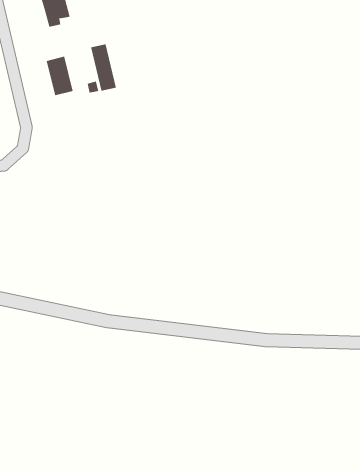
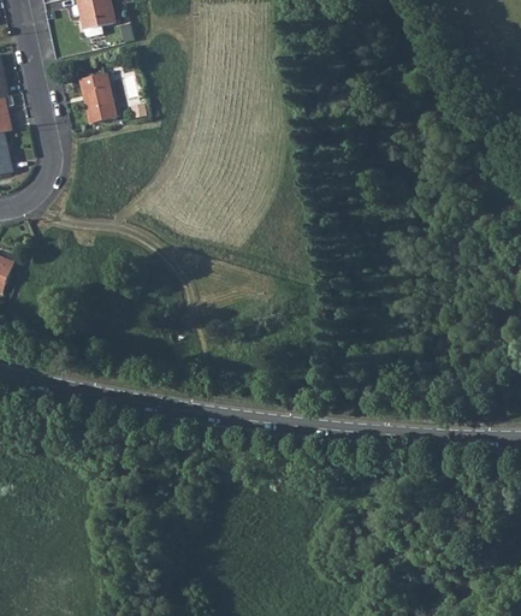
building: [90,43,117,92] -> none

